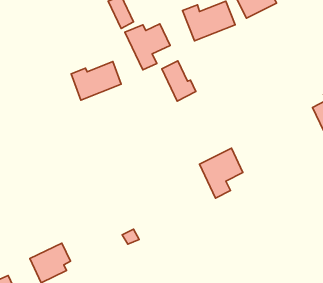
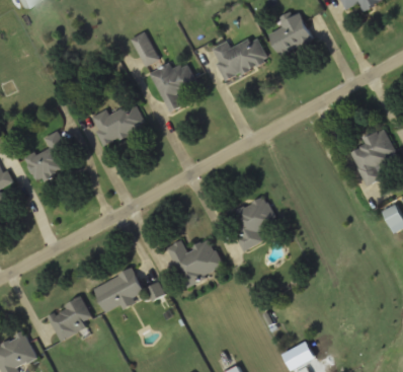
building: [162,61,196,101] -> none
building: none -> [24,131,74,182]
building: none -> [167,238,224,287]
building: none -> [93,268,146,314]

